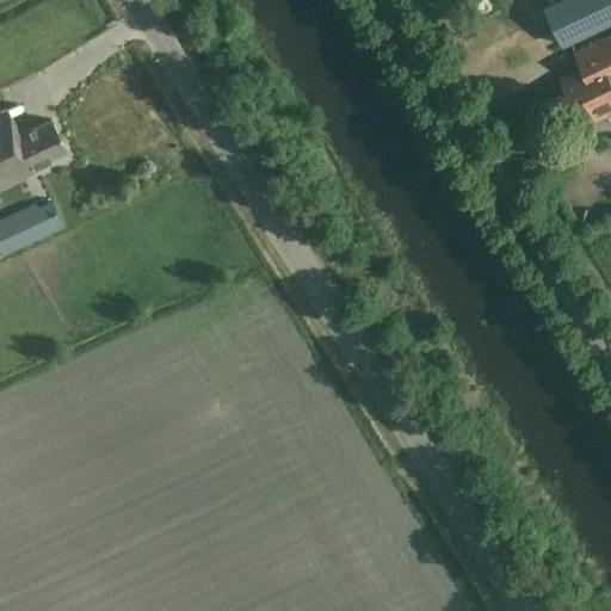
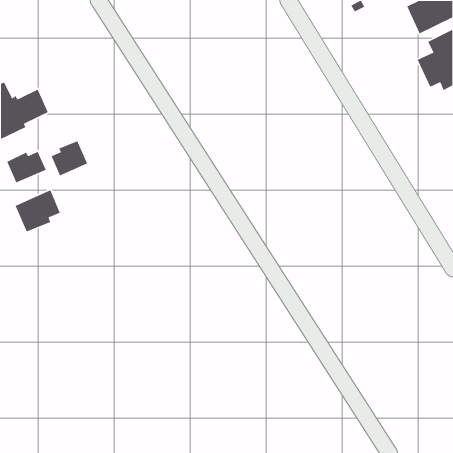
building: none -> [51,140,88,177]
building: none -> [14,189,61,232]

